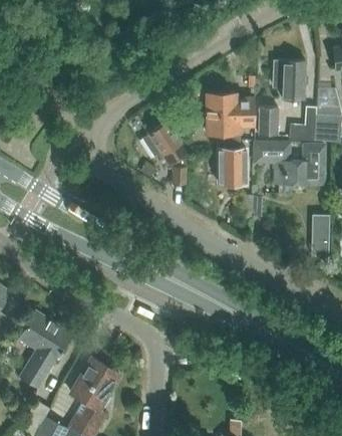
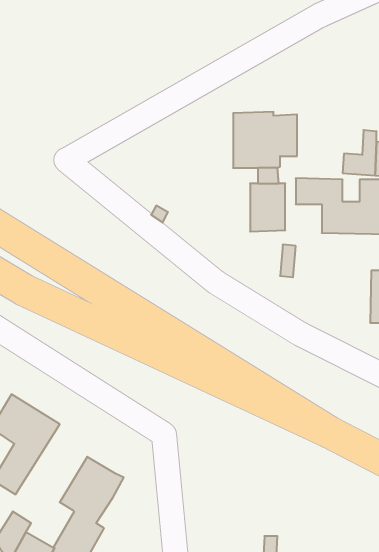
building: [272,59,306,101] -> none
building: [258,108,279,136] -> none
building: [143,117,187,185] -> none

